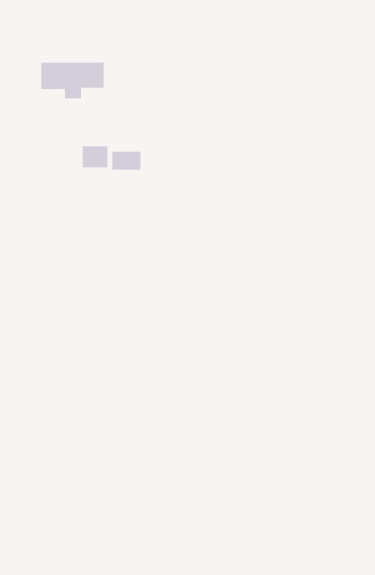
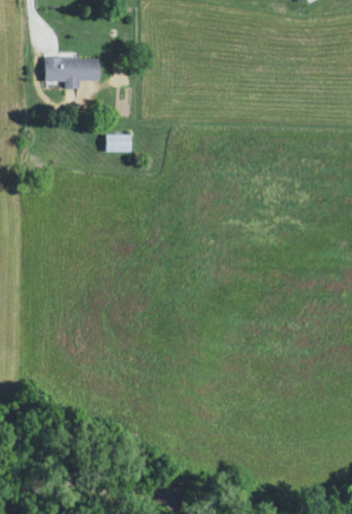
building: [82,146,108,168] -> none

